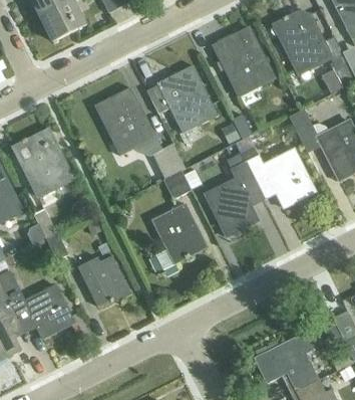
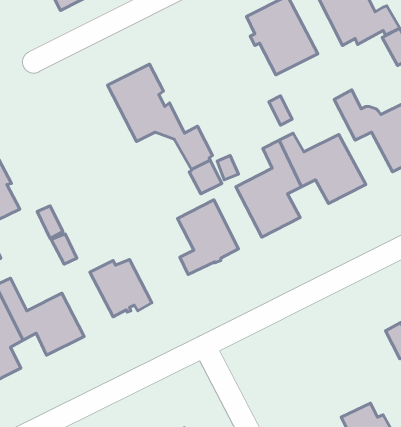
building: [146,65,218,132] -> none
building: [13,129,73,196] -> none
building: [254,333,320,391] -> none

